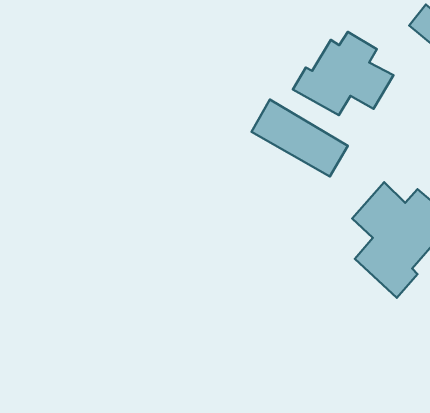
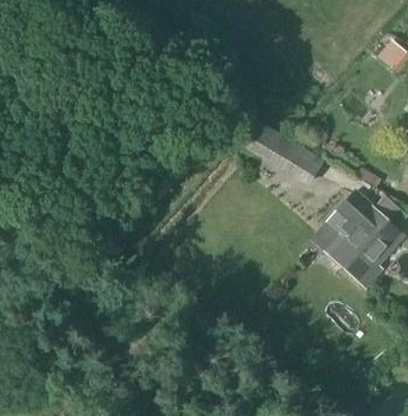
building: [293,32,393,115] -> none

